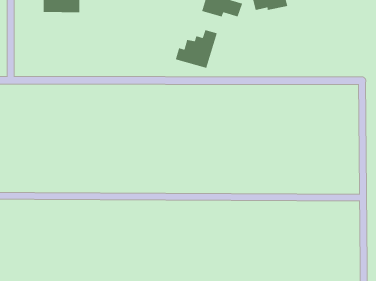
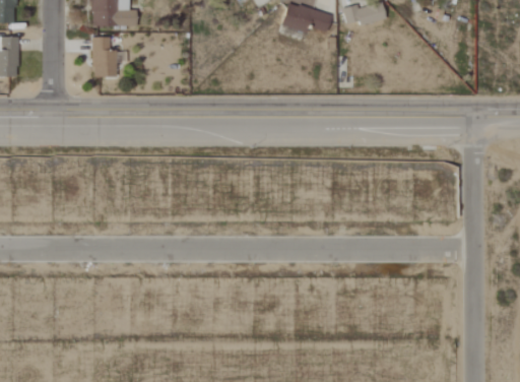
building: none -> [91,37,116,76]
building: [175,29,218,69] -> none

